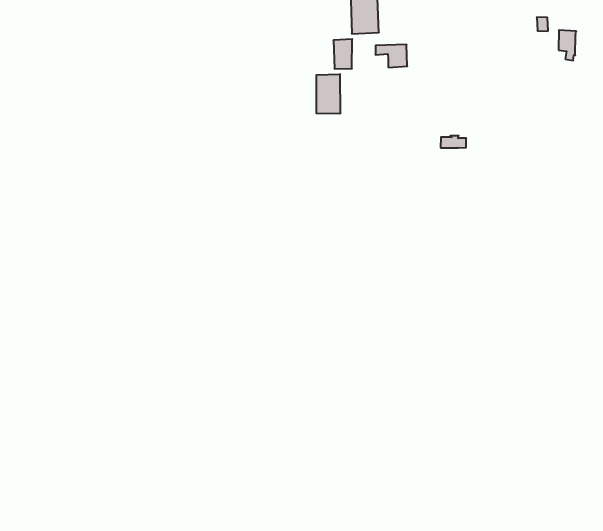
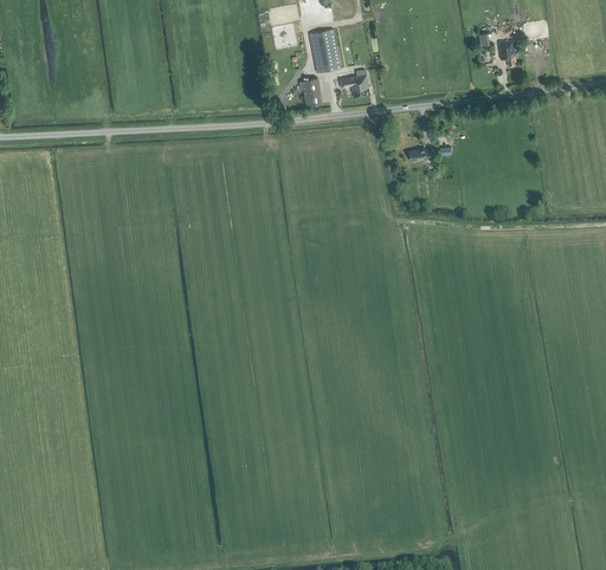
building: [316,74,340,114] -> none

